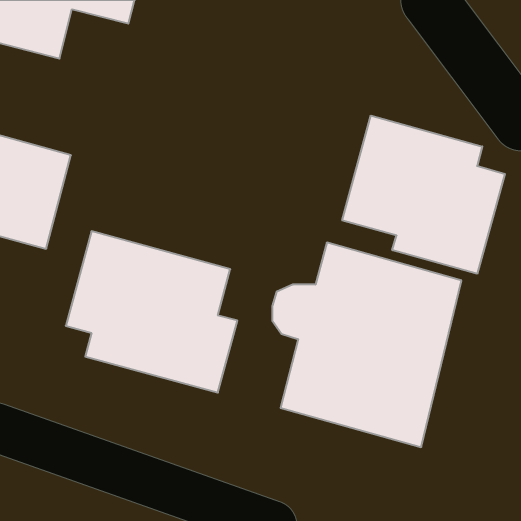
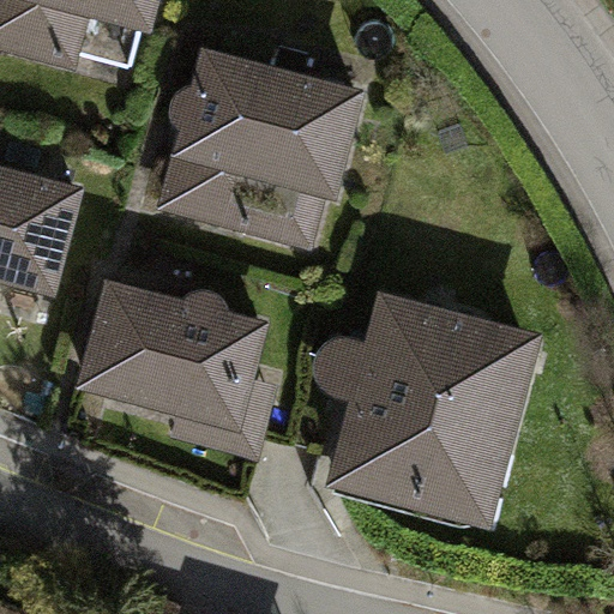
building: none -> [161,49,366,248]
building: [342,116,505,274] -> none

